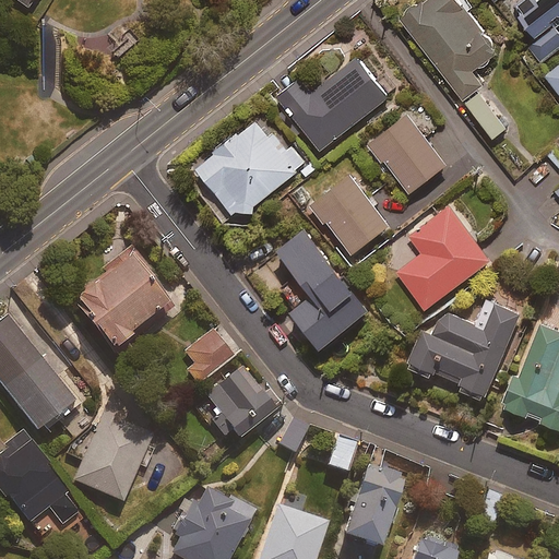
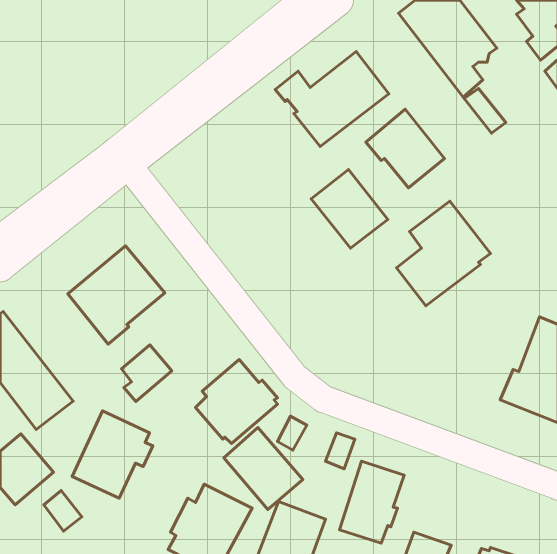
building: [197,121,305,213] -> none
building: [276,228,367,346] -> none
building: [408,302,521,396] -> none
building: [183,330,234,386] -> [122,345,172,402]
building: none -> [224,428,303,510]

